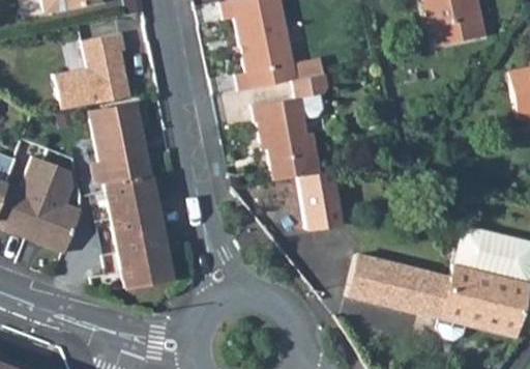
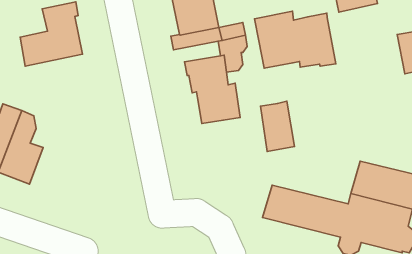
building: none -> [255,11,336,68]
building: [90,102,171,287] -> none
building: [299,169,341,230] -> [260,101,295,152]

